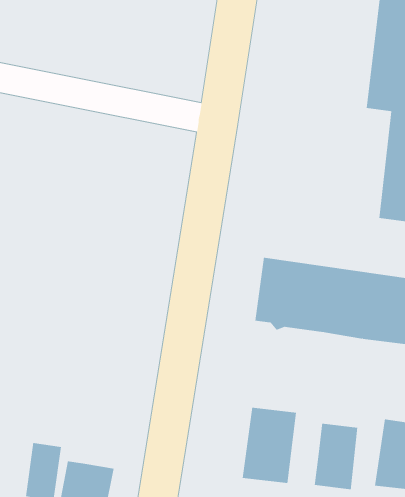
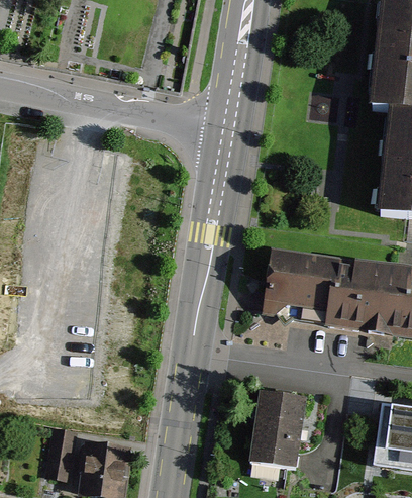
building: [314,423,358,490] -> none

